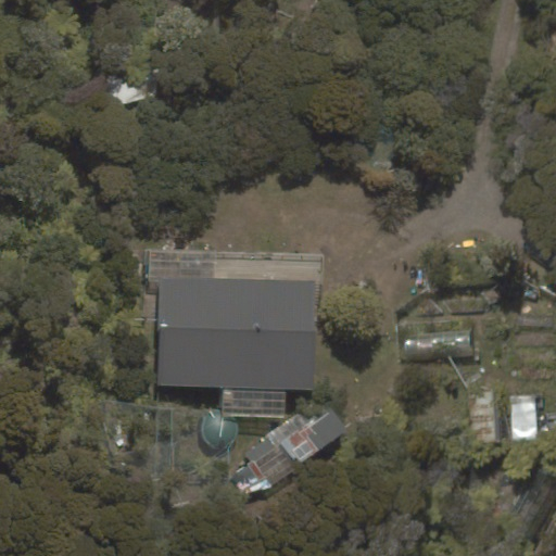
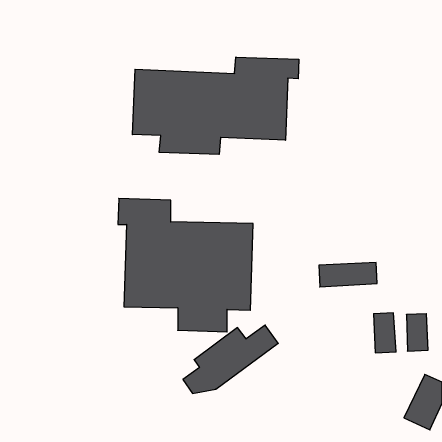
building: none -> [132,57,299,154]

